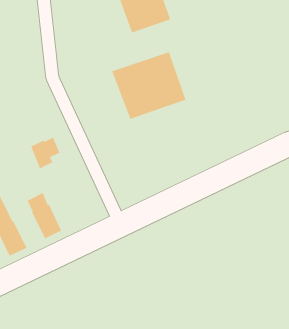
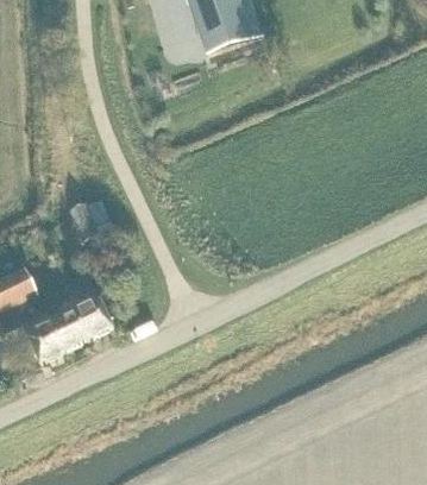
building: [111,51,187,120] -> none
building: none -> [46,302,89,347]

